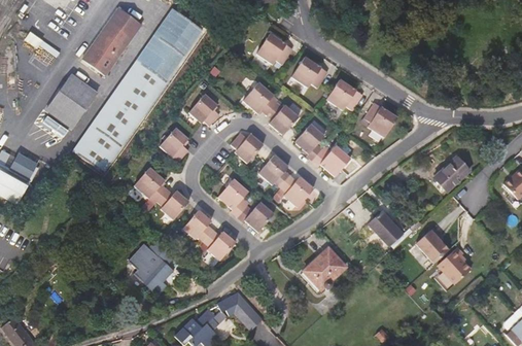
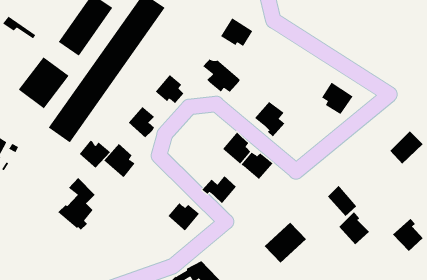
building: [291,57,327,88] -> none
building: [326,79,362,110] -> none
building: [267,102,299,135] -> none
building: [231,132,263,163] -> none
building: [312,145,351,177] -> none
building: [218,179,248,216] -> none
building: [154,188,188,219] -> [79,139,111,169]
building: [182,210,213,244] -> none
building: [417,227,450,263] -> [339,211,370,245]
building: [134,235,174,291] -> [58,177,96,231]

